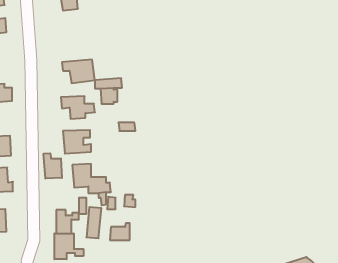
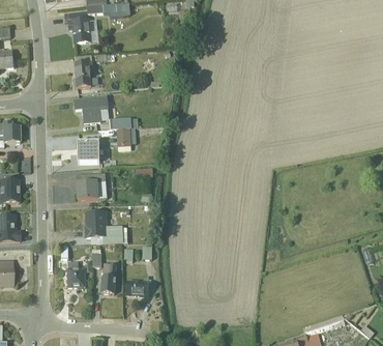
building: none -> [73,62,93,88]
building: [44,153,62,179] -> none
building: [54,233,83,259] -> none

